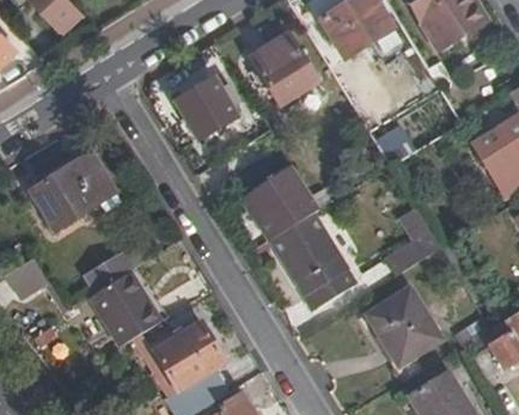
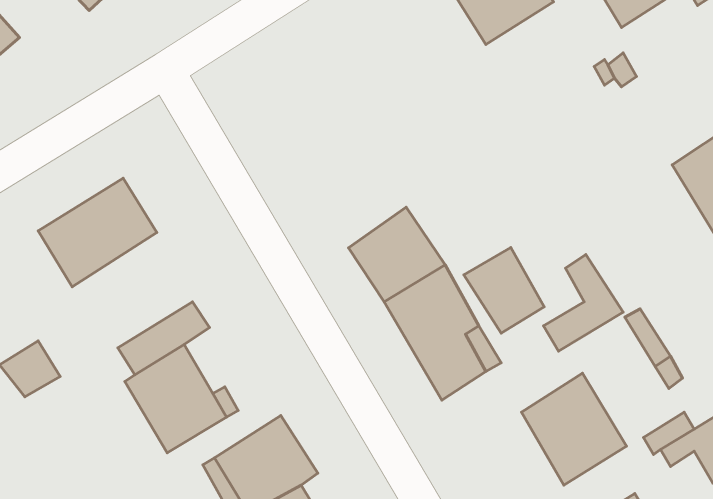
building: [250,33,317,104] -> none
building: [177,79,236,139] -> none
building: none -> [464,247,544,333]

